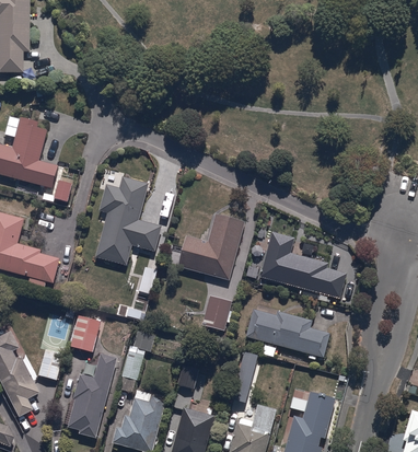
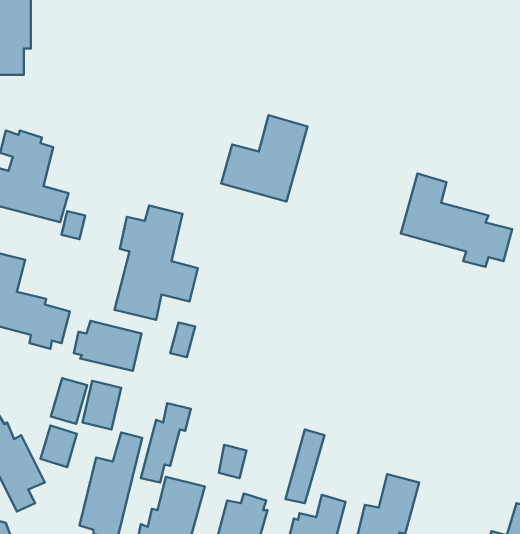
building: [177,212,245,280] -> [221,115,307,202]
building: [258,230,346,303] -> [401,174,512,267]
building: none -> [74,321,141,371]
building: [201,295,232,331] -> none
building: [245,309,329,360] -> none
building: none -> [51,378,87,424]

